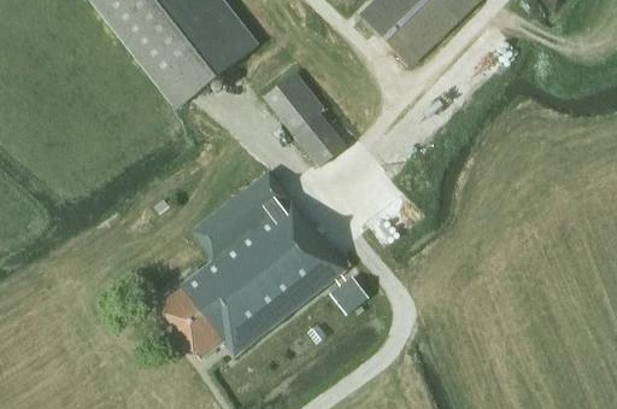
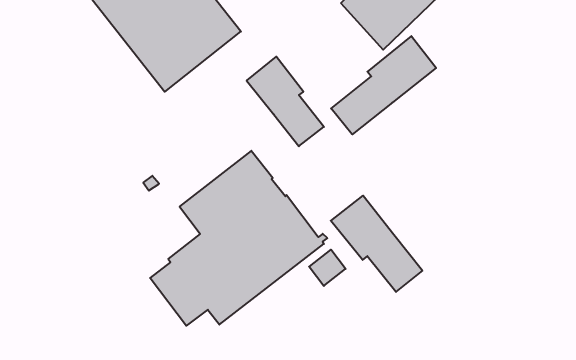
building: none -> [331,36,436,134]
building: none -> [331,196,422,292]

